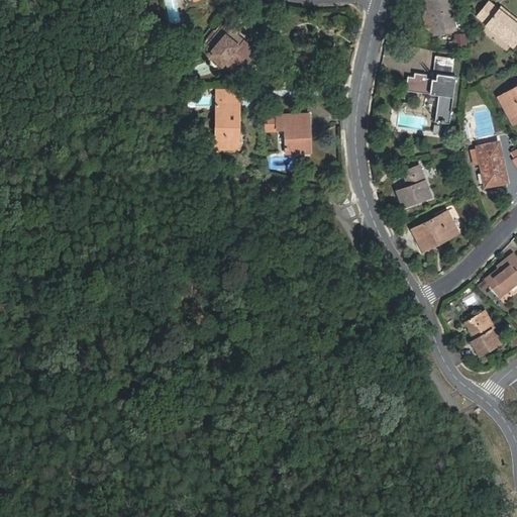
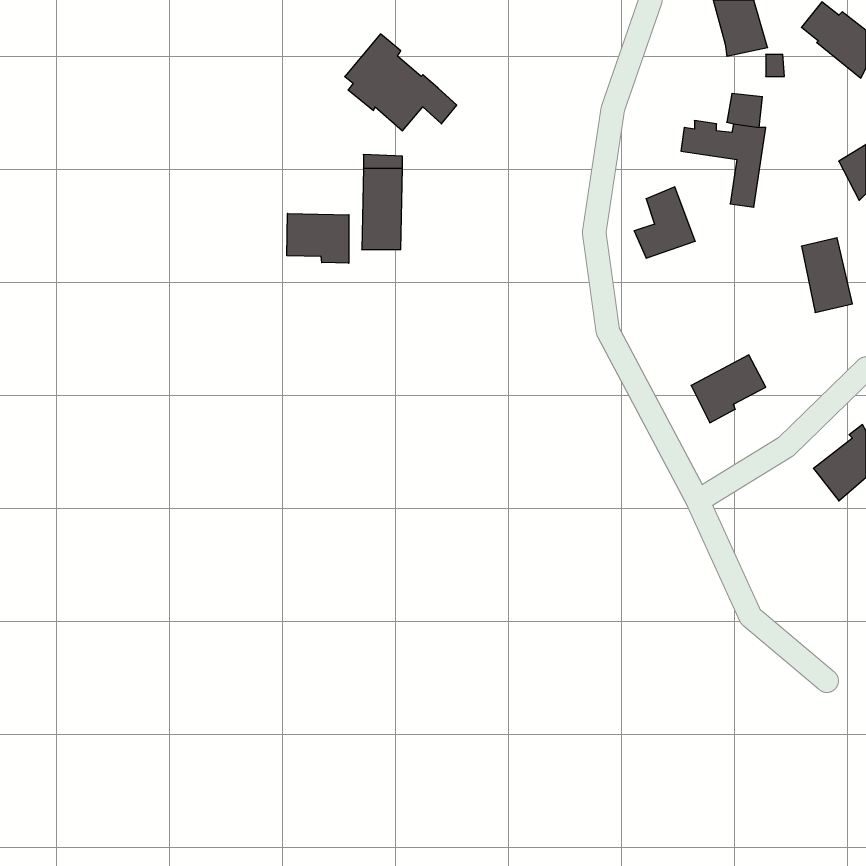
building: [270,114,311,154] -> none
building: none -> [287,213,349,263]
building: [395,166,431,208] -> [634,187,695,258]
building: [464,310,501,357] -> none

